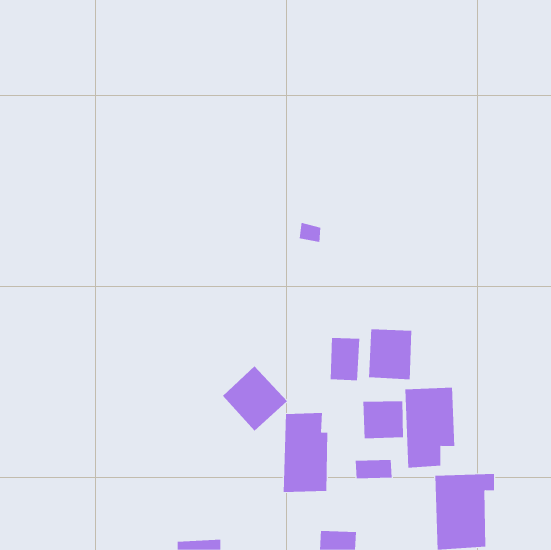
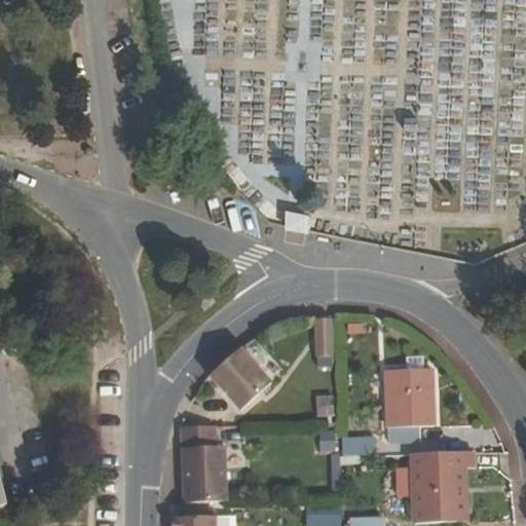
building: [369,329,412,380] -> none
building: [363,401,403,439] -> none
building: [283,413,328,492] -> [181,424,224,500]

